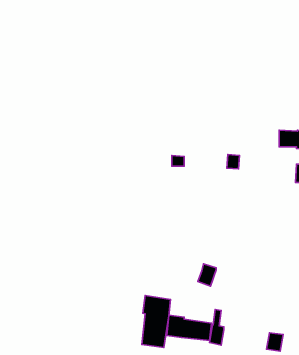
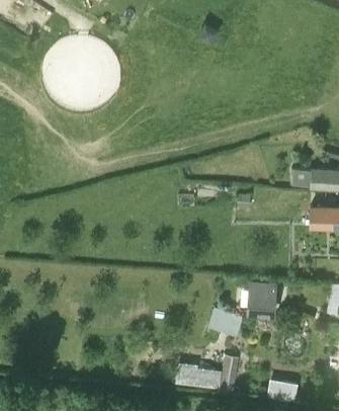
building: none -> [249,284,275,314]
building: [142,296,171,348] -> none

